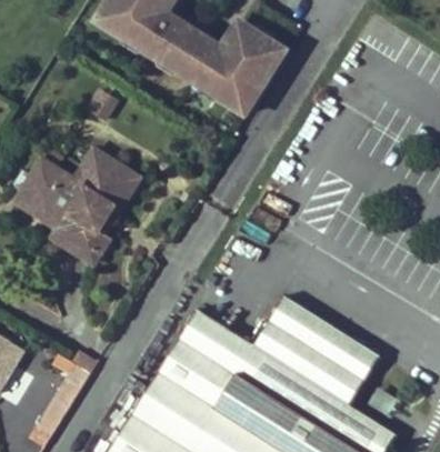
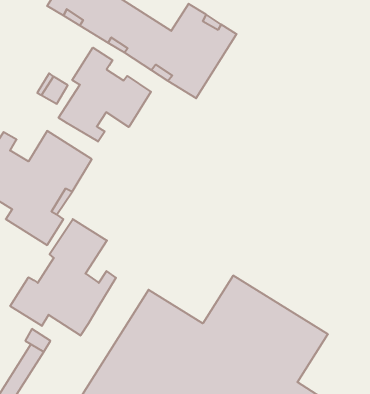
building: none -> [59,48,151,142]
building: none -> [10,219,116,336]

